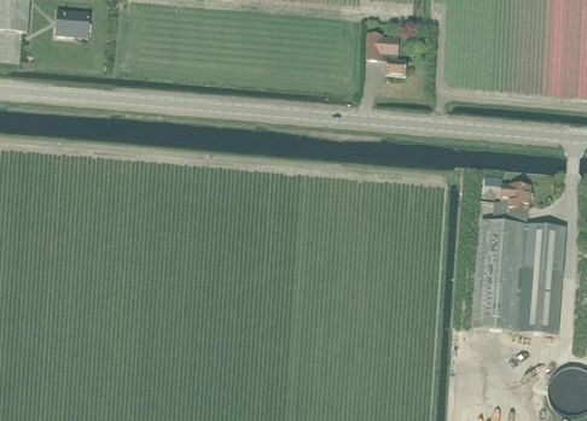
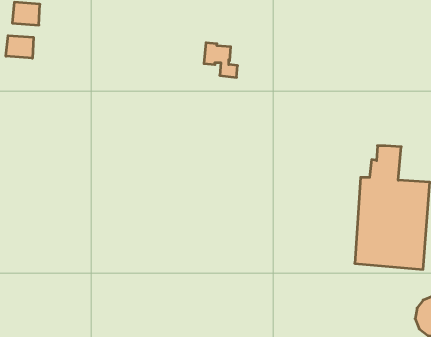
building: [366,33,407,75] -> [204,43,238,77]
building: none -> [6,36,33,58]

